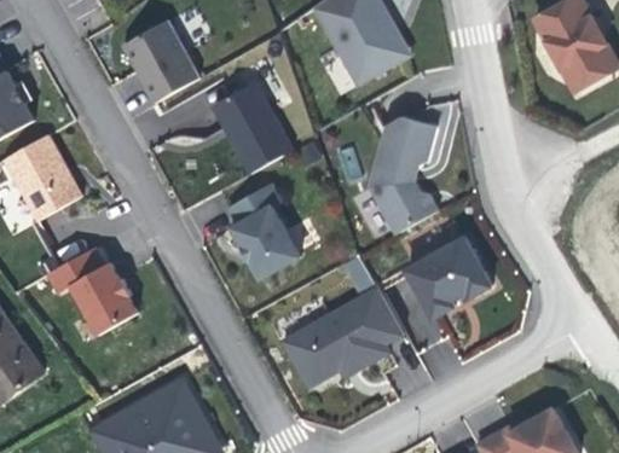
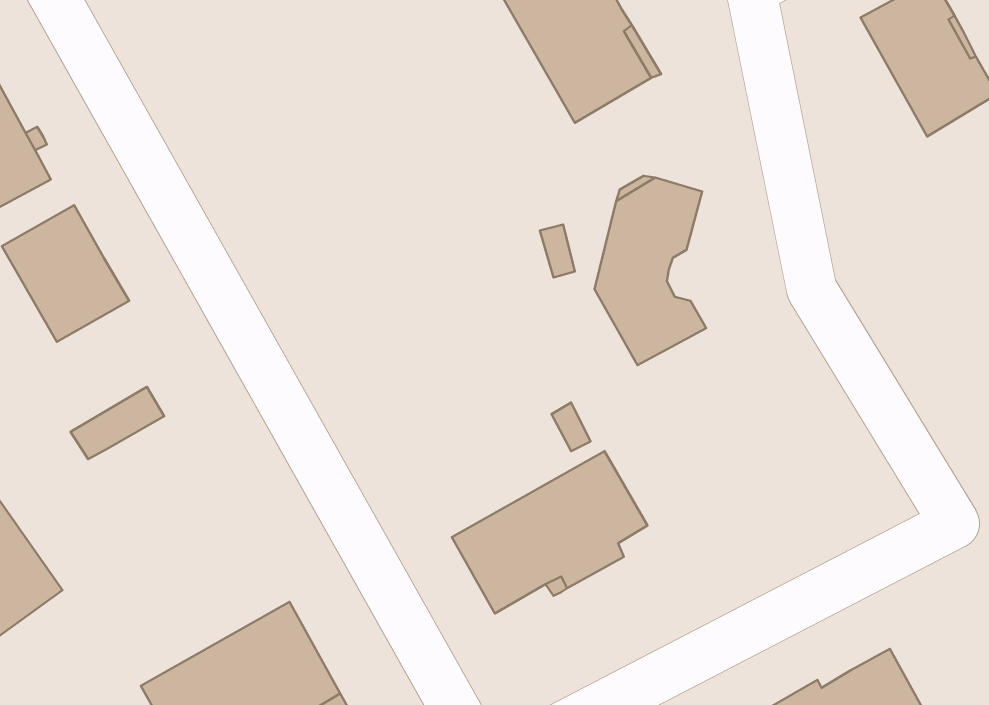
building: [121,19,199,103] -> none
building: [210,80,293,173] -> none
building: [226,182,299,278] -> none
building: [406,237,491,316] -> none
building: [69,262,137,333] -> none

